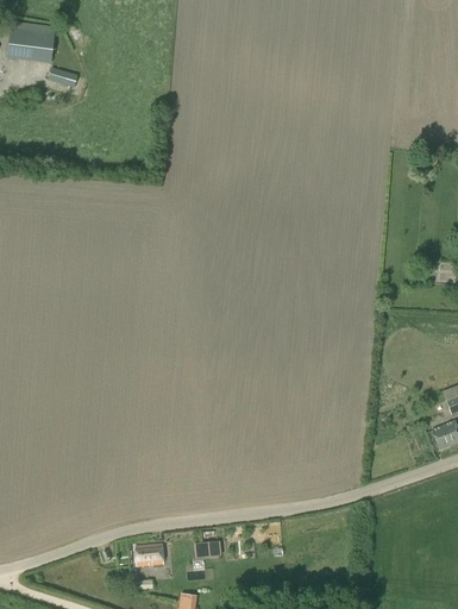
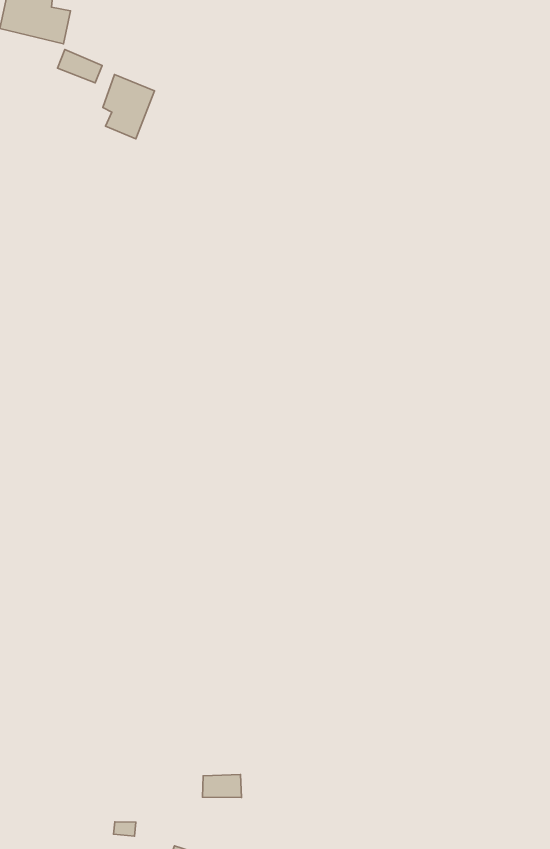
building: none -> [103,75,155,139]
building: [134,542,163,565] -> none

